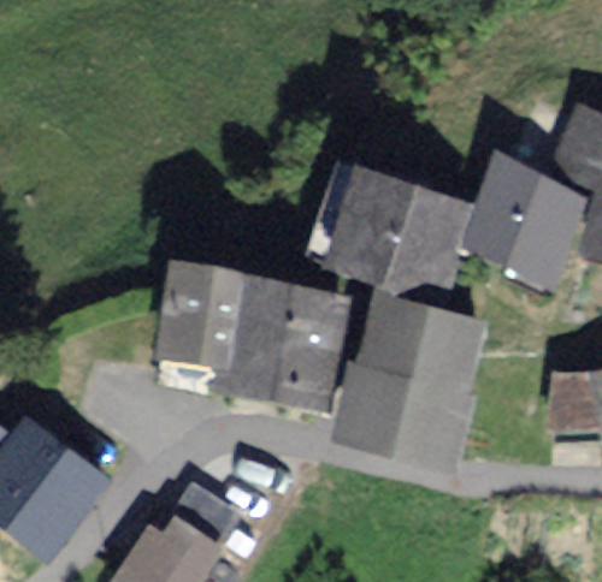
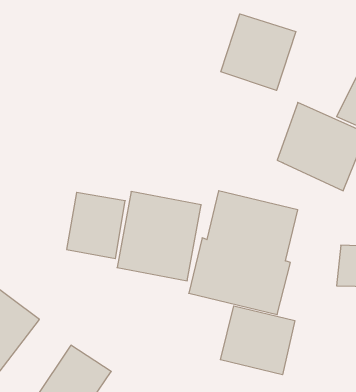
building: none -> [221,14,296,90]
building: [323,161,474,293] -> none
building: none -> [220,306,295,375]

